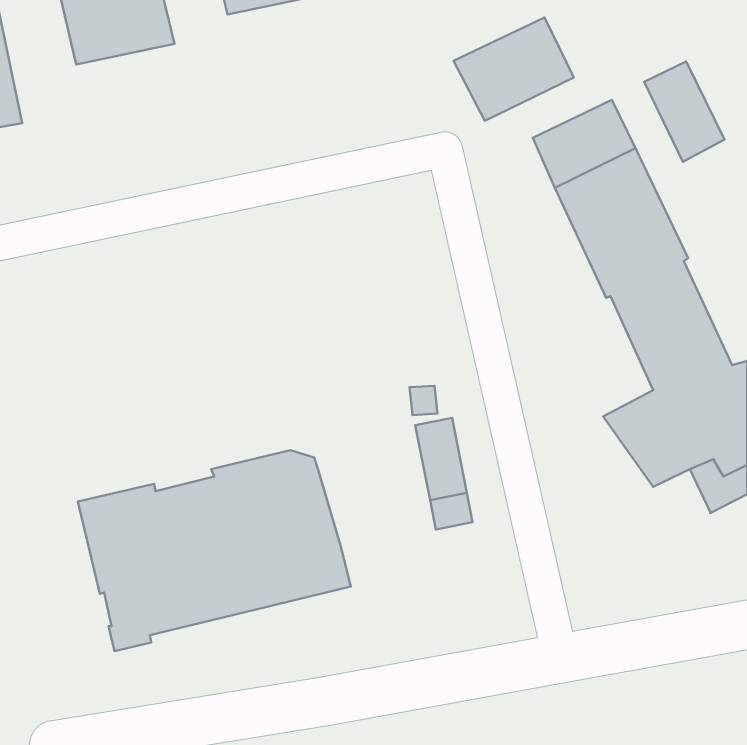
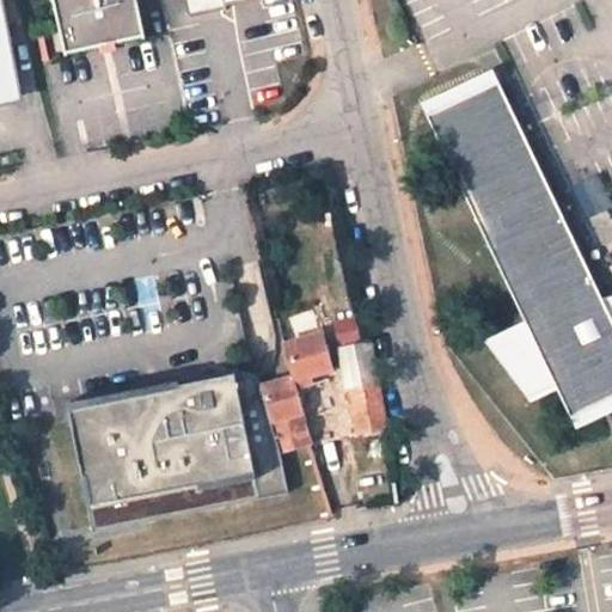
building: [453,17,574,121] -> none
building: [644,61,724,162] -> none
building: none -> [259,331,329,445]

